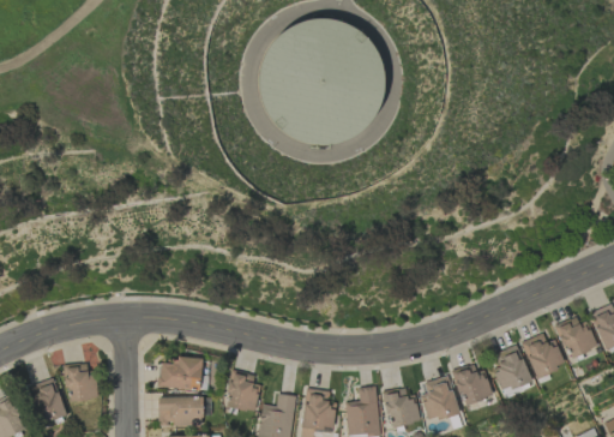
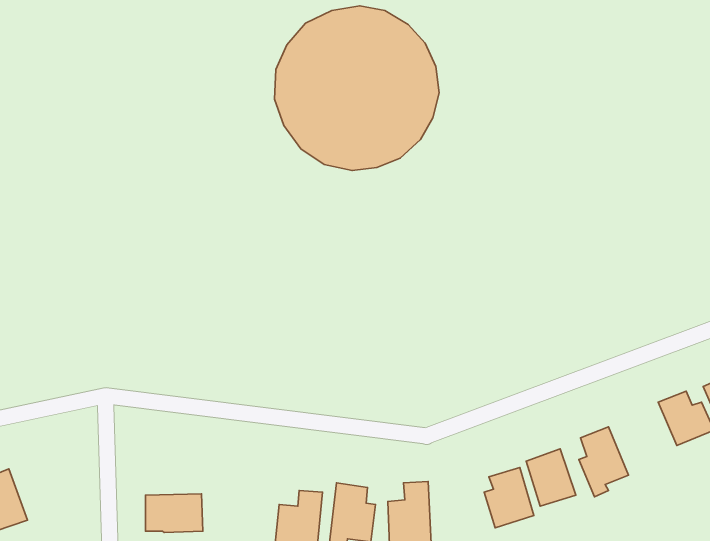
building: [522,334,564,377] -> none
building: [157,358,201,390] -> none
building: [65,364,97,401] -> none
building: [224,372,263,413] -> none
building: [383,388,420,427] -> none

